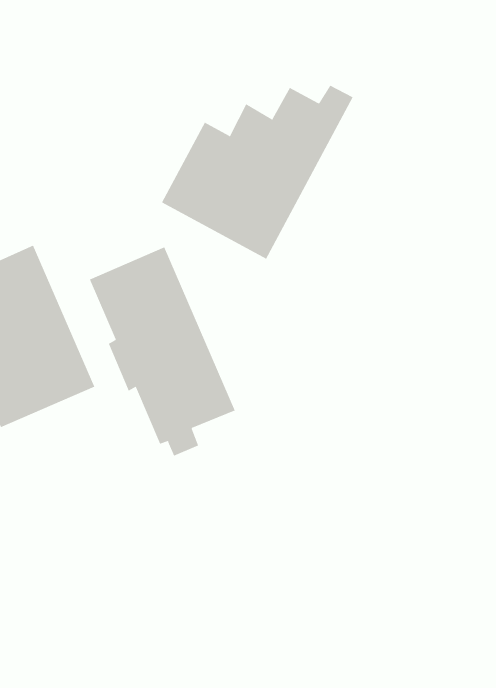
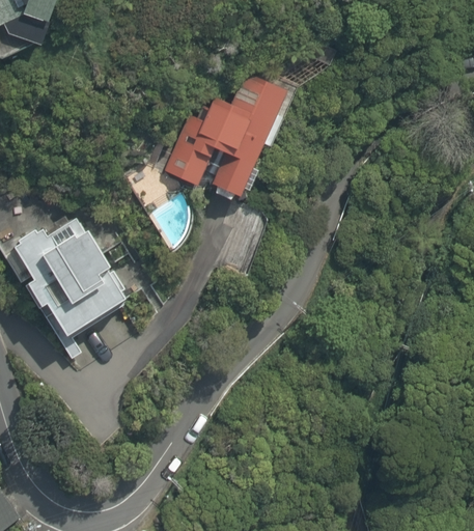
building: [89,247,236,457] -> none

